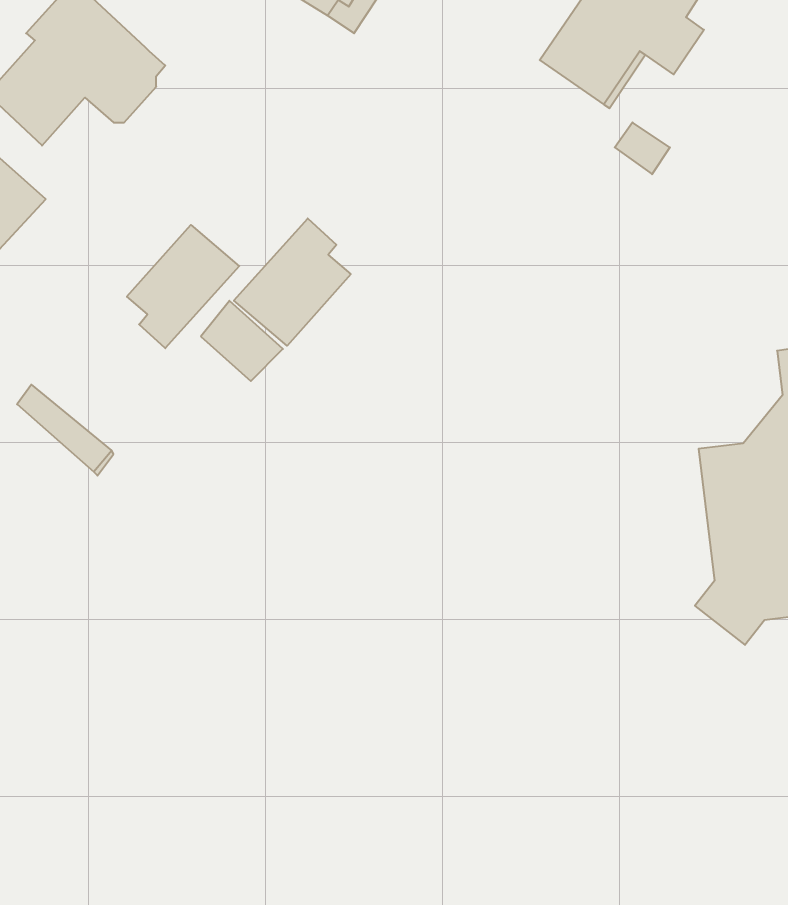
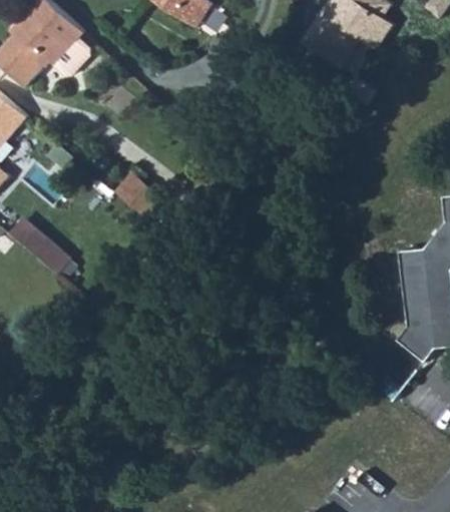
building: [234,218,351,346] -> none
building: [127,225,239,348] -> none

